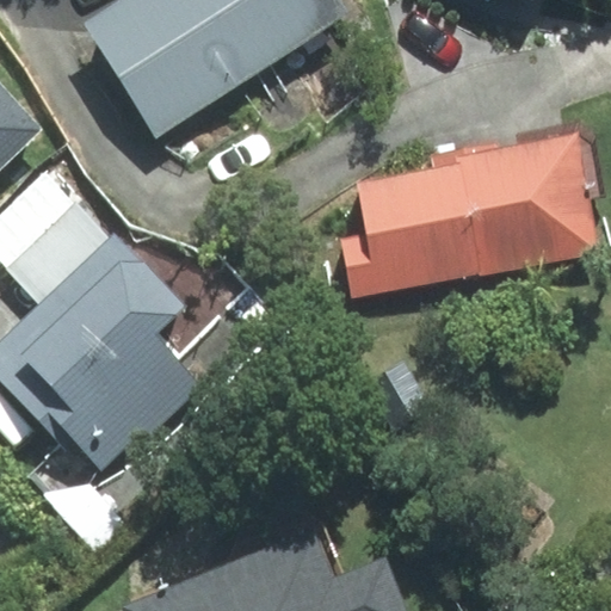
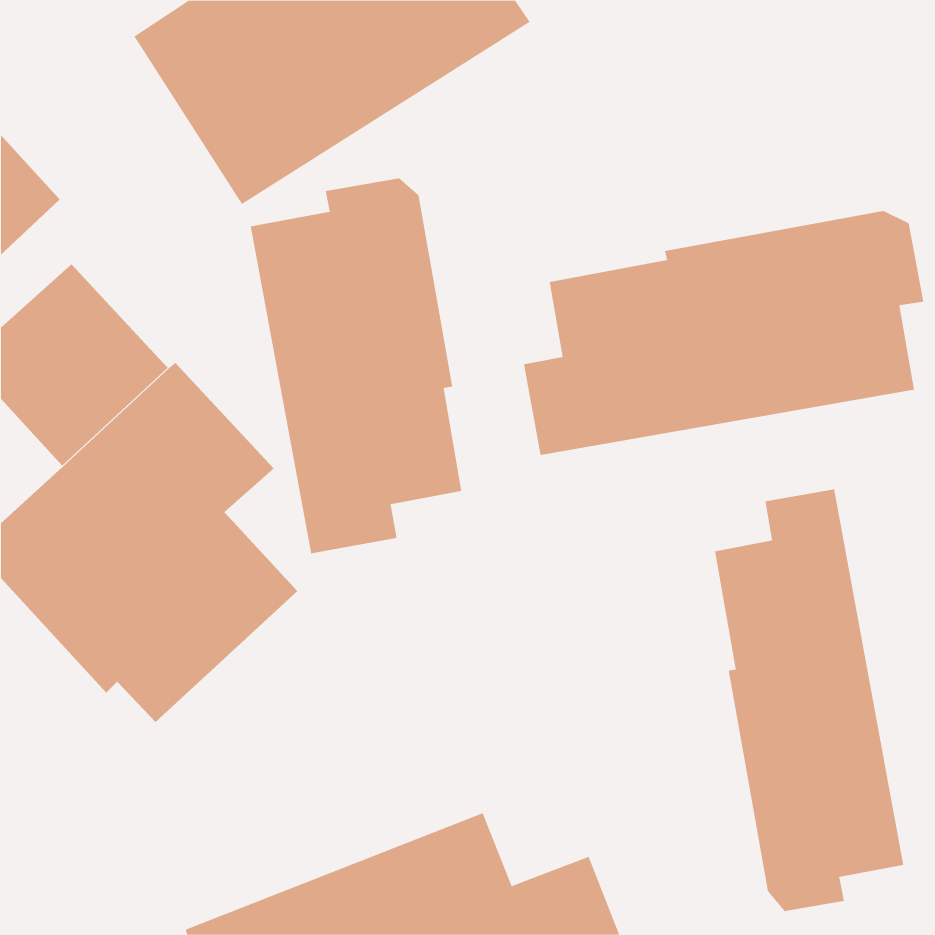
building: none -> [250,178,462,554]
building: none -> [715,488,904,912]

